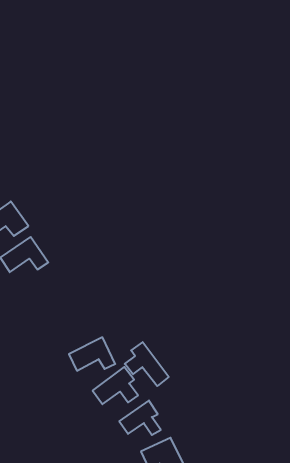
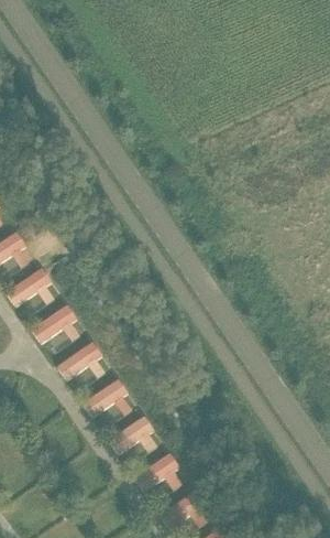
building: none -> [30,303,79,344]
building: none -> [55,340,104,381]
building: [125,342,169,386] -> none

